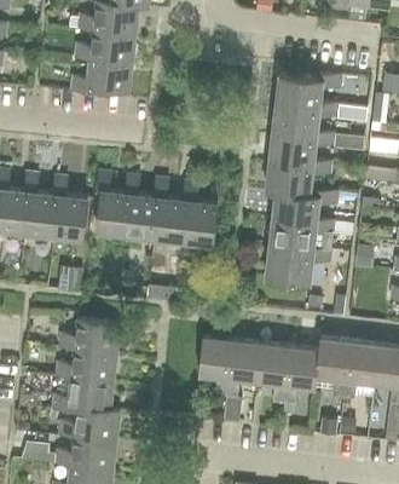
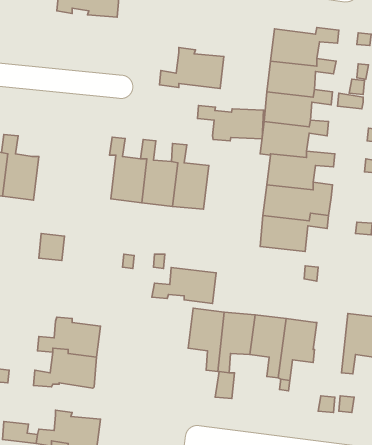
building: [71,53,132,92] -> [160,47,224,89]
building: none -> [197,106,264,141]
building: [96,171,131,232] -> none
building: [52,175,87,237] -> none
building: [59,318,120,352] -> [152,268,216,304]
building: [316,336,348,396] -> none
building: [59,405,118,439] -> none

